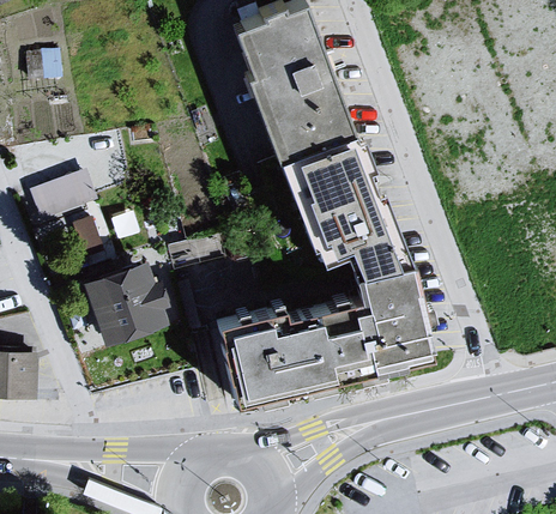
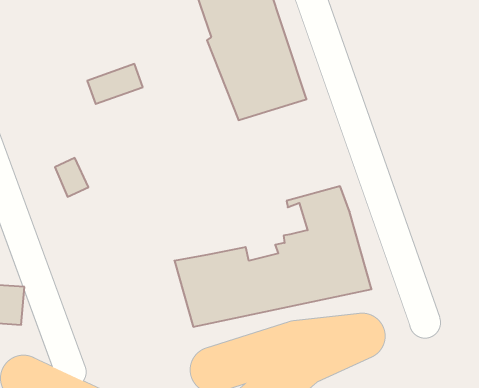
building: [280,143,397,264] -> none
building: [34,171,97,217] -> [87,64,143,104]
building: [87,265,175,349] -> none

